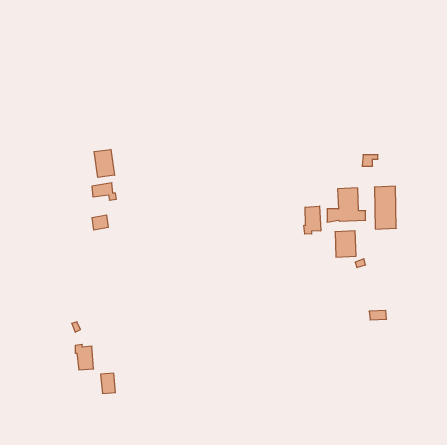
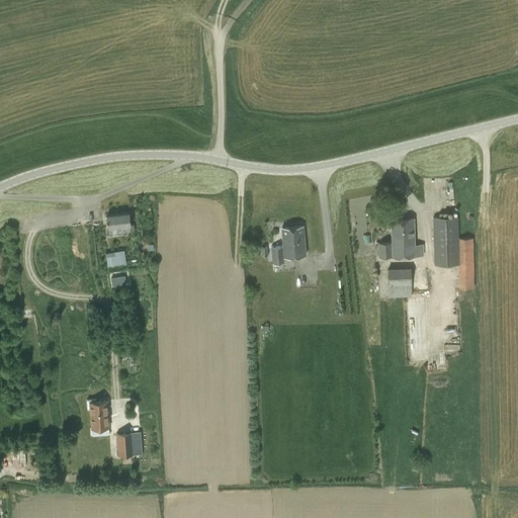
building: [94,149,115,177] -> none
building: none -> [271,228,306,264]
building: [304,206,321,234] -> none

